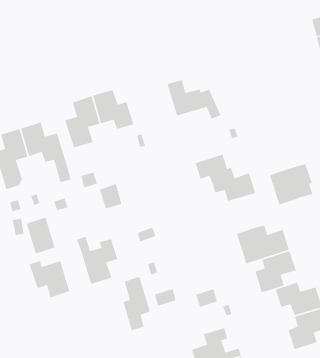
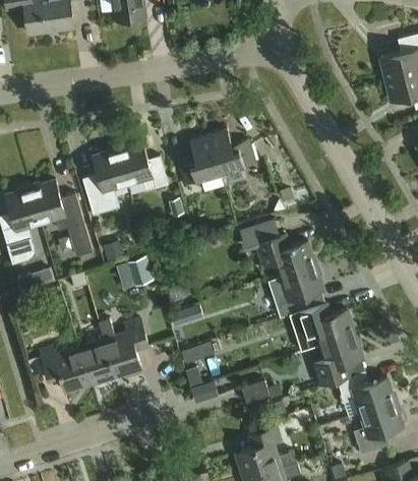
building: none -> [175,135,219,186]
building: [269,163,314,206] -> [270,267,323,318]
building: [26,216,55,255] -> [79,340,115,385]
building: [123,276,151,331] -> none

